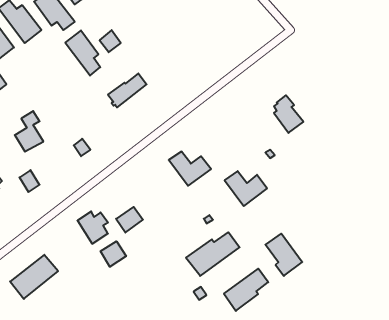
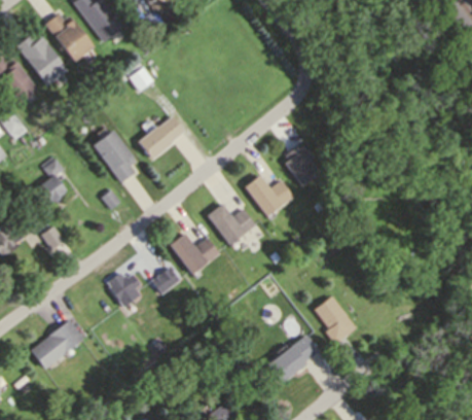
building: [65,30,100,76] -> [94,130,133,180]
building: [274,95,303,133] -> [287,142,320,184]
building: [225,171,267,206] -> [246,176,293,215]
building: none -> [170,234,218,272]
building: [186,232,240,276] -> none
building: [101,241,126,267] -> none

